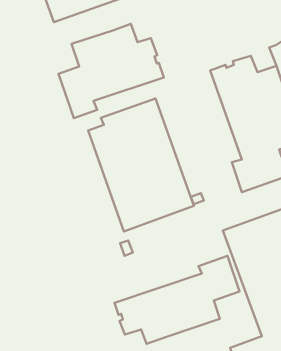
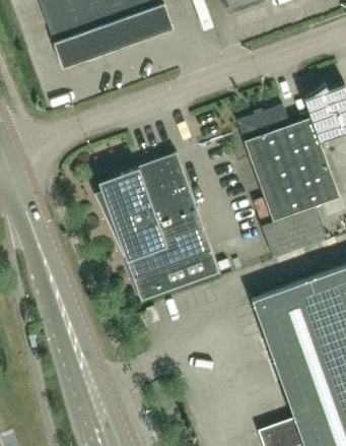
building: [59,24,164,118] -> none
building: [114,256,239,344] -> none

